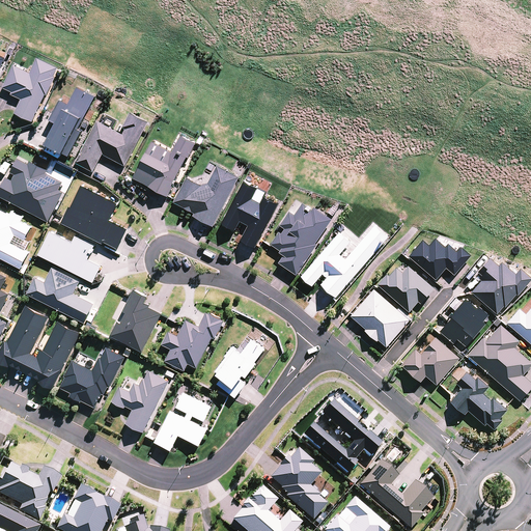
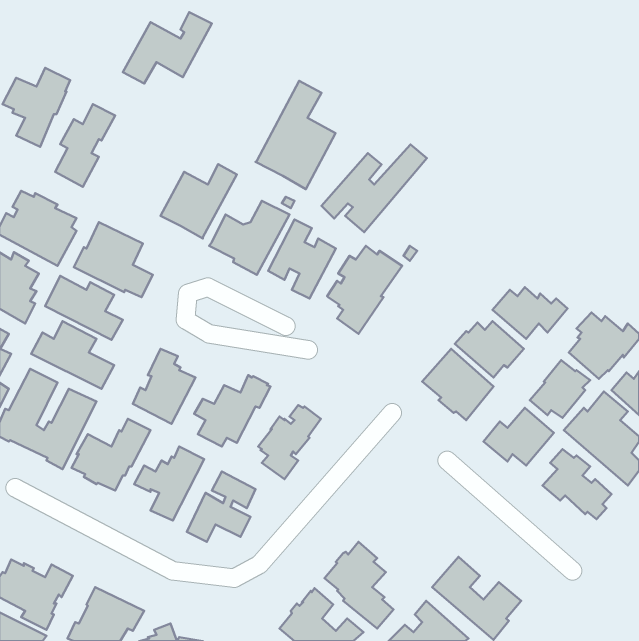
building: none -> [255,81,336,189]
building: [75,113,148,172] -> [123,12,212,84]
building: [301,224,388,297] -> [322,144,427,232]
building: [301,400,381,473] -> none

